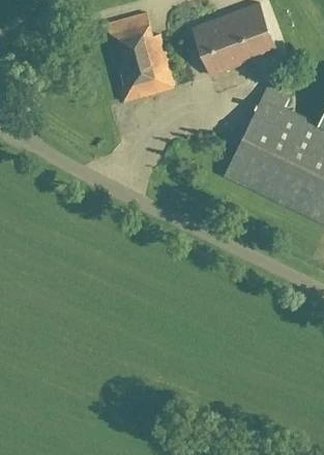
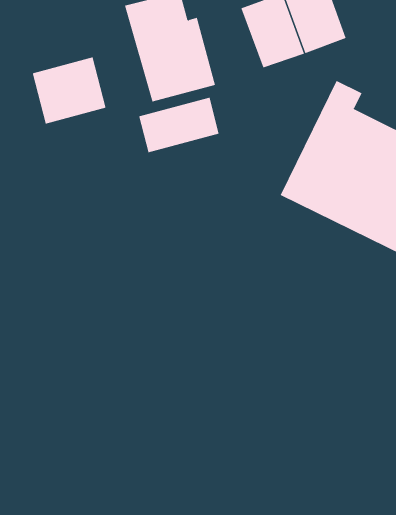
building: none -> [32,57,106,124]
building: none -> [139,97,219,153]

